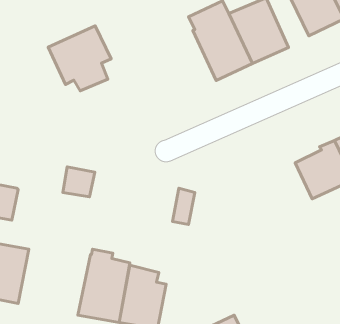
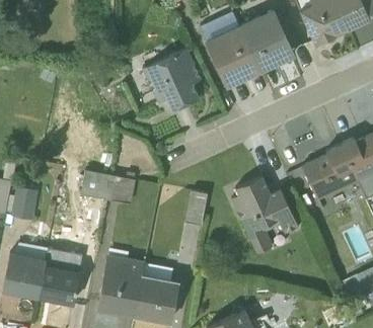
building: [48,26,111,91] -> [142,49,202,110]
building: none -> [106,175,136,203]
building: none -> [232,177,299,255]
building: none -> [39,250,81,306]

